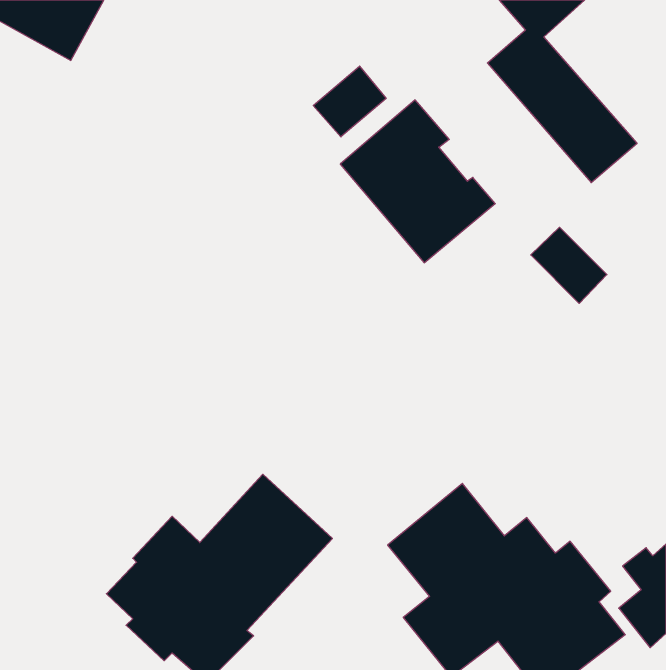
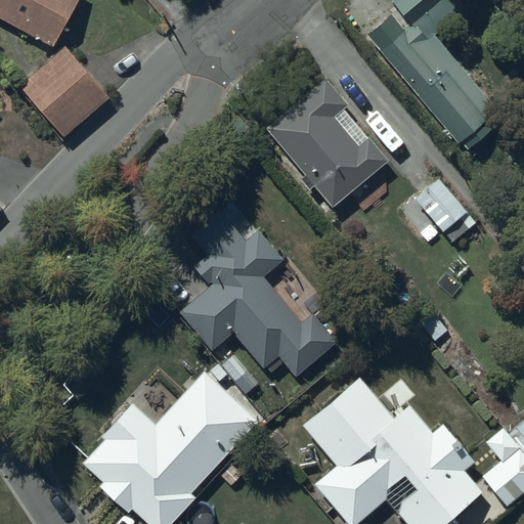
building: none -> [20,47,112,138]
building: [313,66,386,137] -> none
building: none -> [182,213,341,379]

